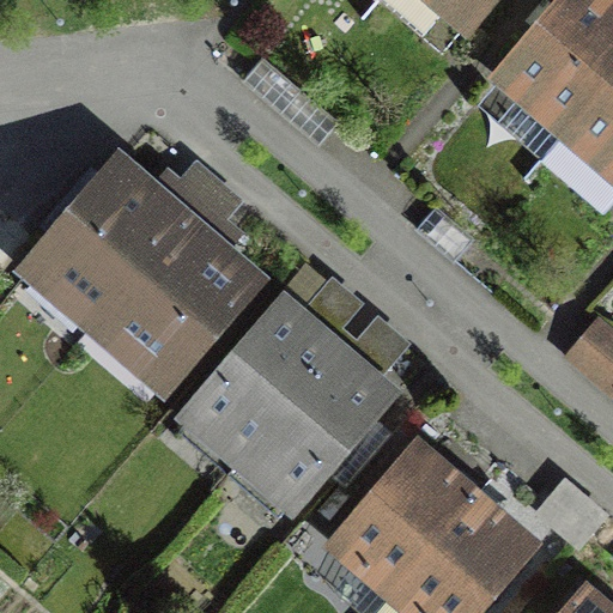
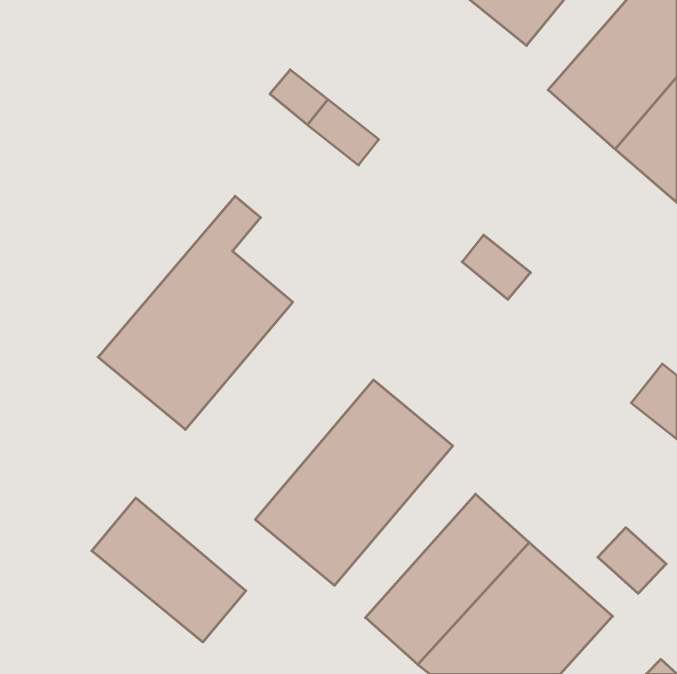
building: [18,150,210,318] -> none
building: [178,297,333,463] -> none
building: none -> [92,498,246,642]

